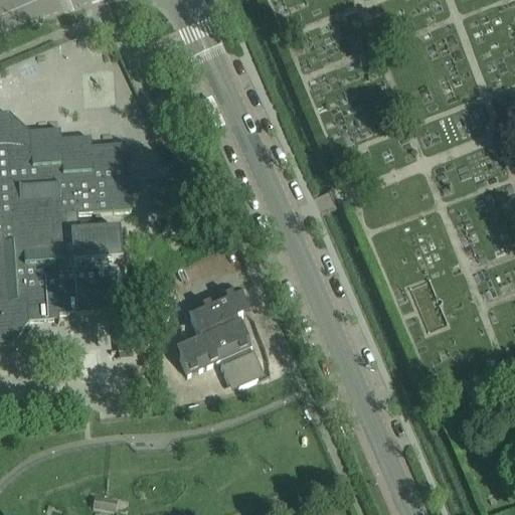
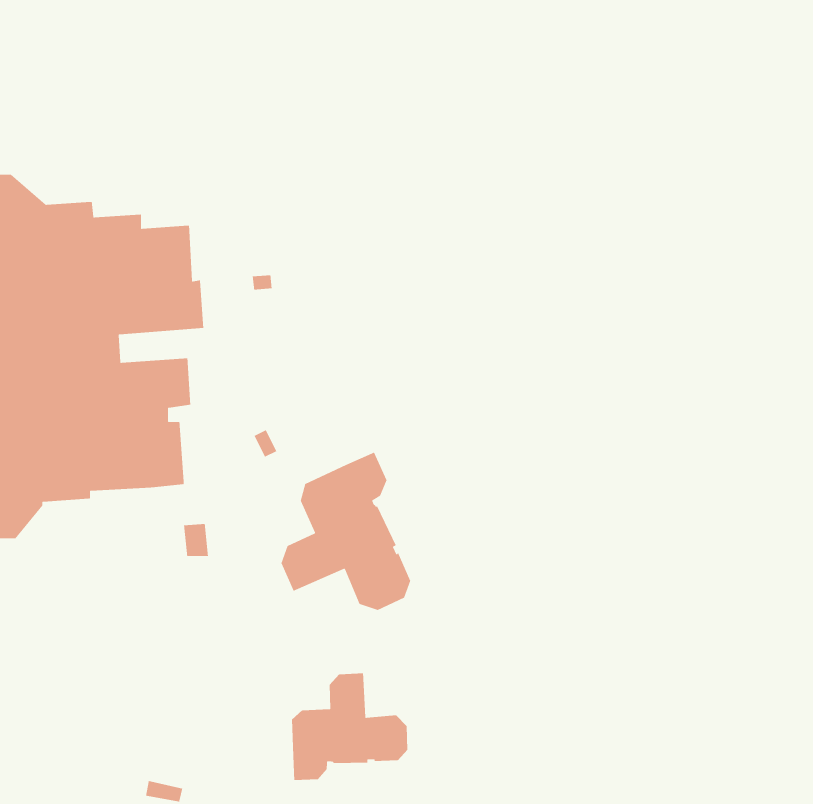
building: none -> [291,673,408,781]

